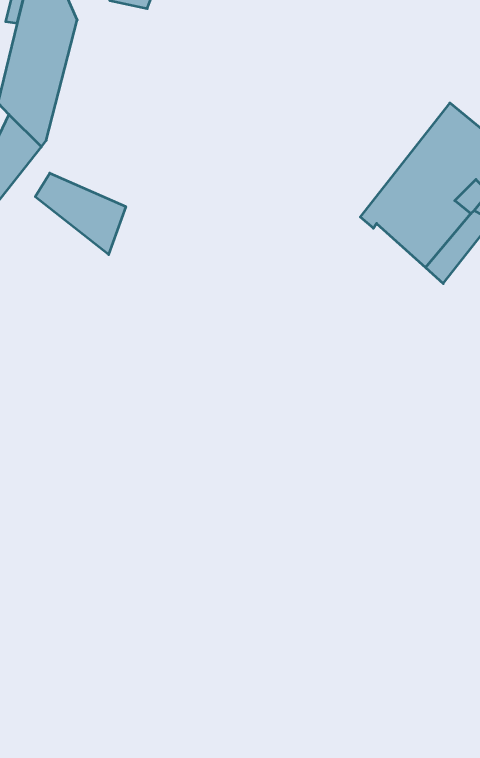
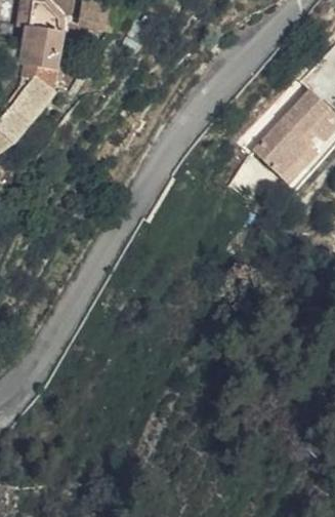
building: [35,173,126,255] -> none

